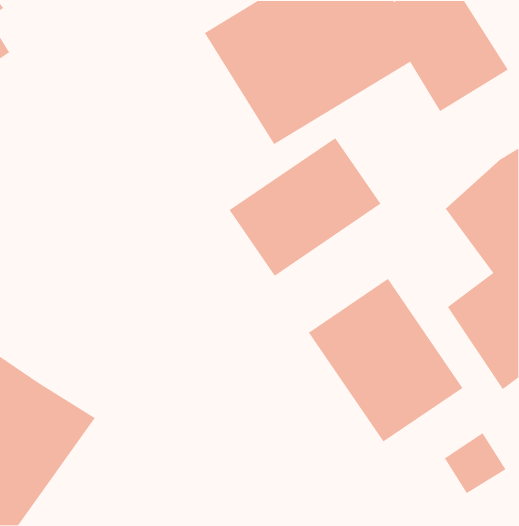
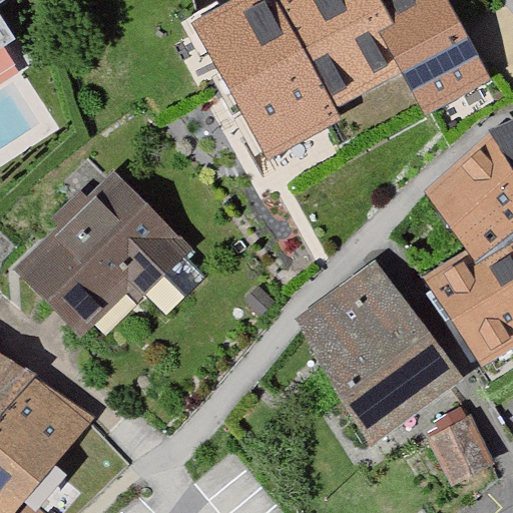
building: [228,137,381,277] -> none
building: none -> [19,182,171,332]

